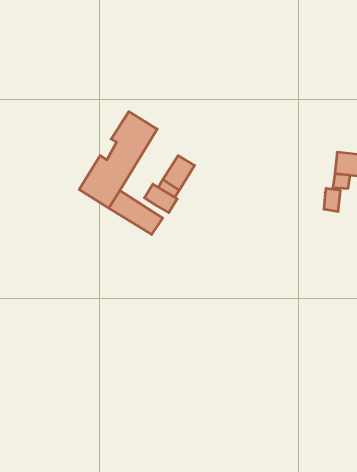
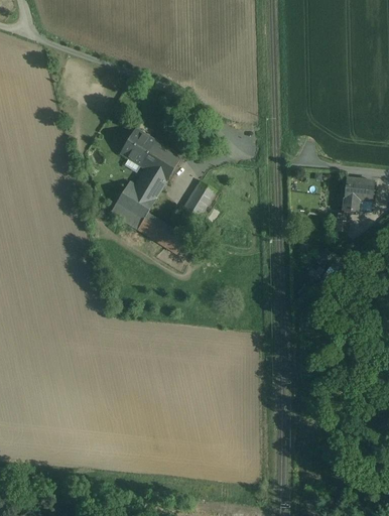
building: none -> [119,127,155,165]
building: [144,184,177,213] -> none

